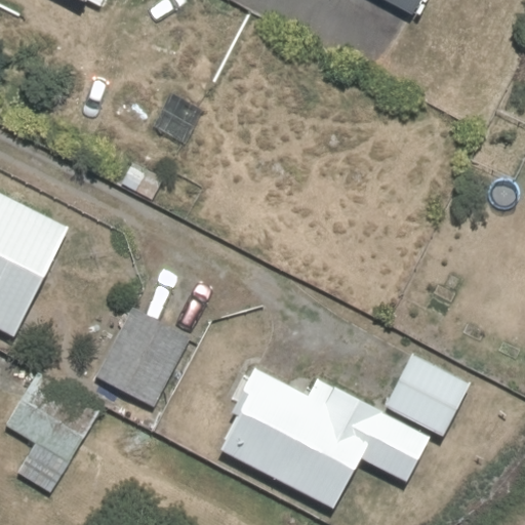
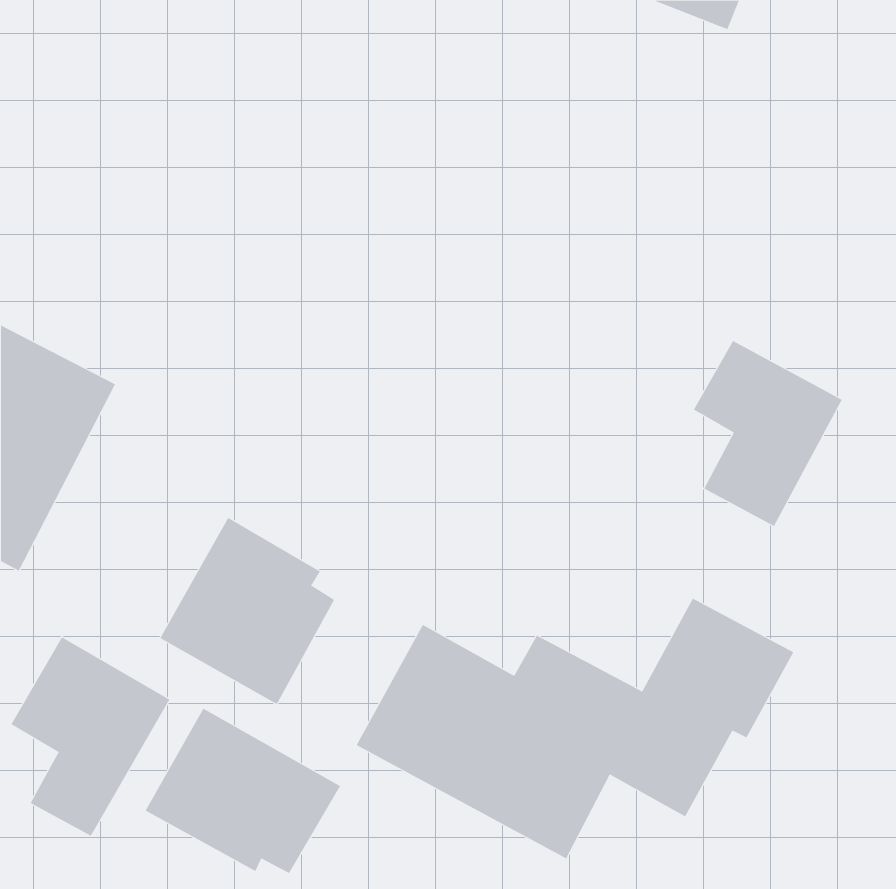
building: none -> [693,340,843,527]
building: none -> [145,708,341,874]

